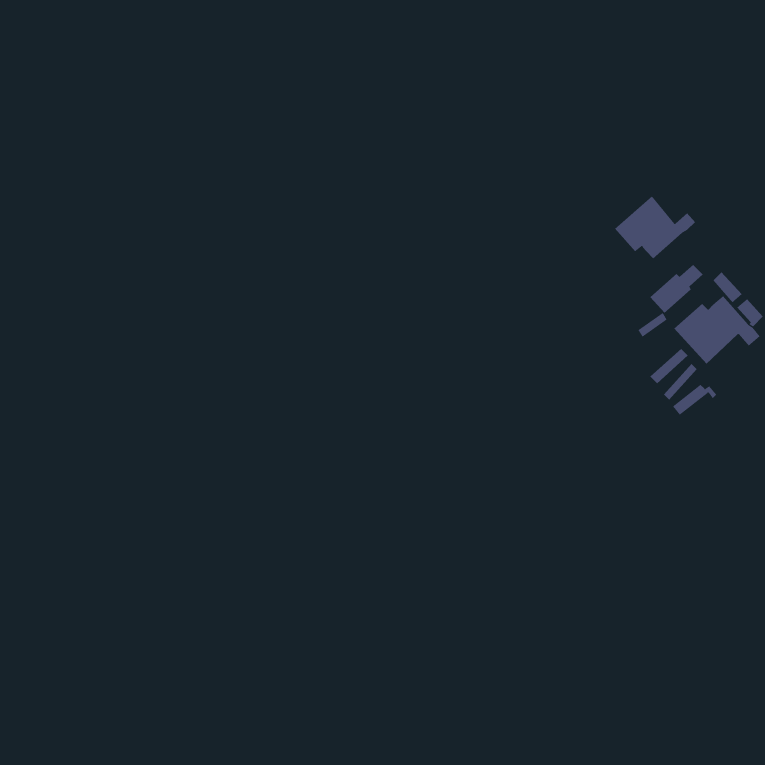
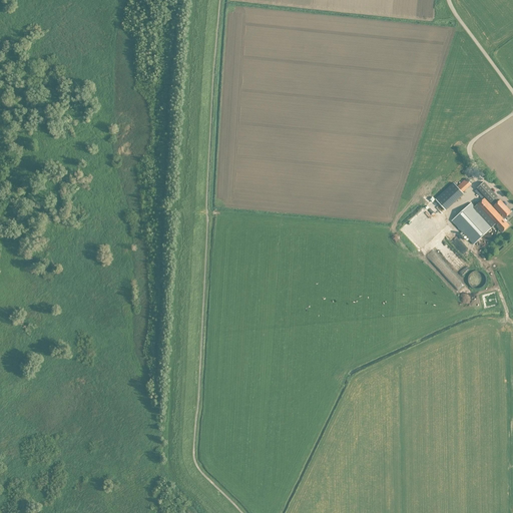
building: [614,196,696,259] -> none

